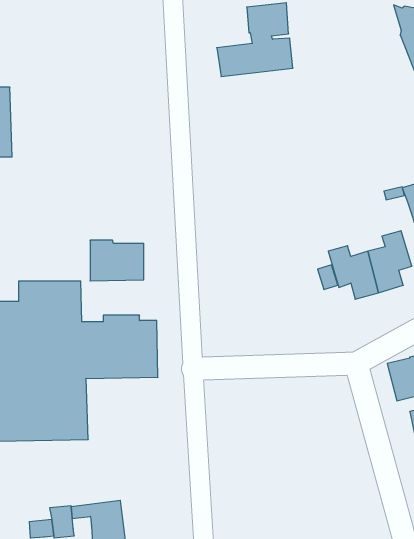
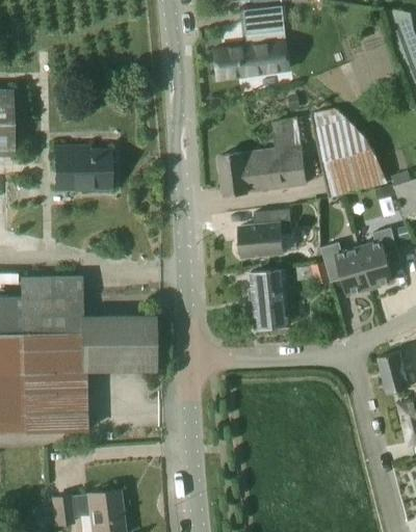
building: none -> [311,108,389,197]
building: none -> [218,116,308,194]
building: none -> [238,209,297,257]
building: [90,240,144,281] -> [57,149,109,188]
building: none -> [250,269,291,328]

